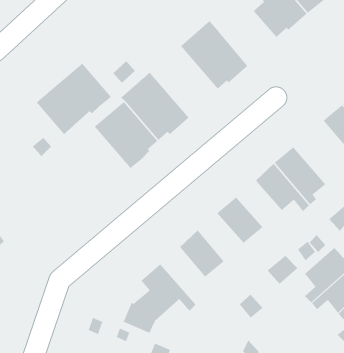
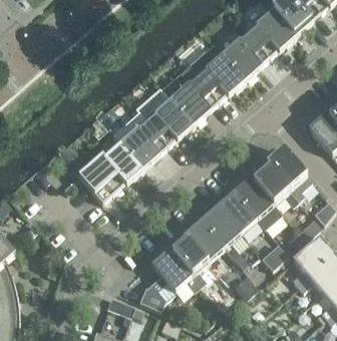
building: none -> [216,38,265,85]
building: none -> [164,82,215,129]
building: [36,63,112,135] -> [74,144,139,207]
building: none -> [231,184,278,233]
building: none -> [198,212,244,272]
building: none -> [165,241,204,290]

